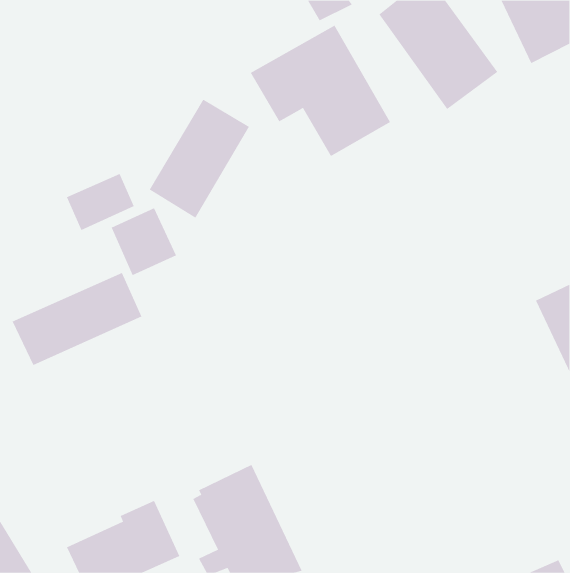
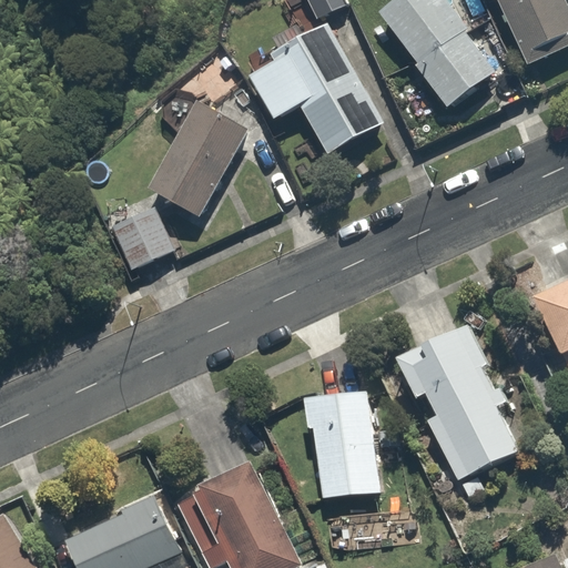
building: [66,173,134,231] -> none
building: [12,272,142,366] -> none
building: none -> [396,324,518,480]
building: none -> [302,390,379,499]

